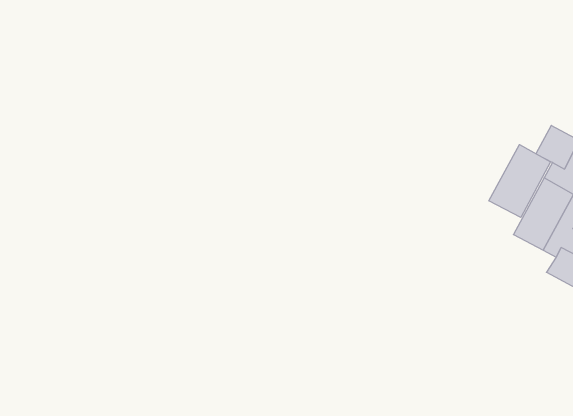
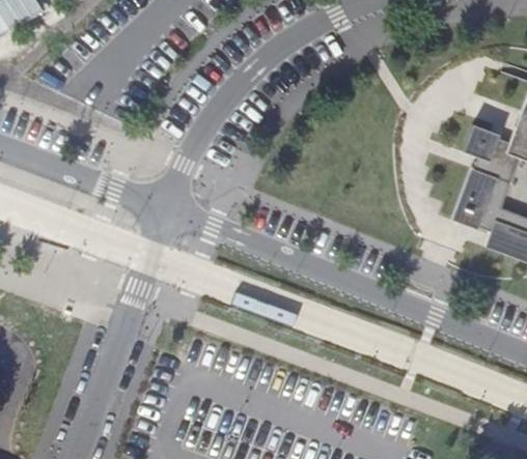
building: [489,145,550,217] -> none

